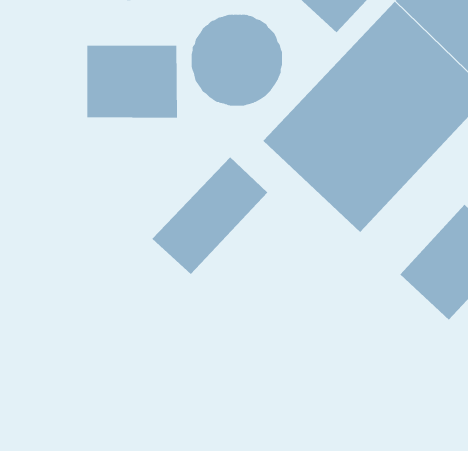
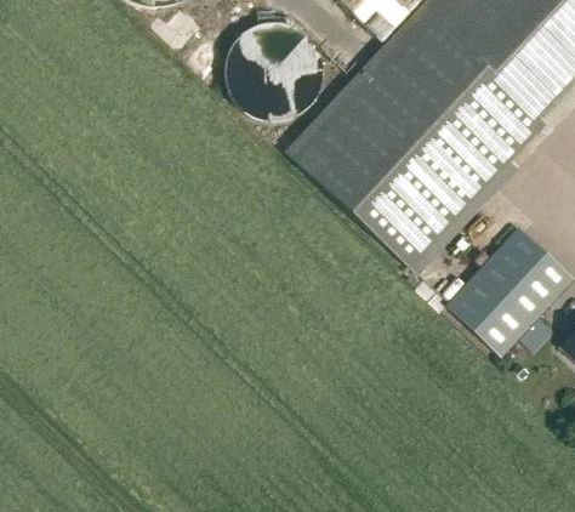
building: [87,45,178,119] -> none
building: [151,156,268,275] -> none

